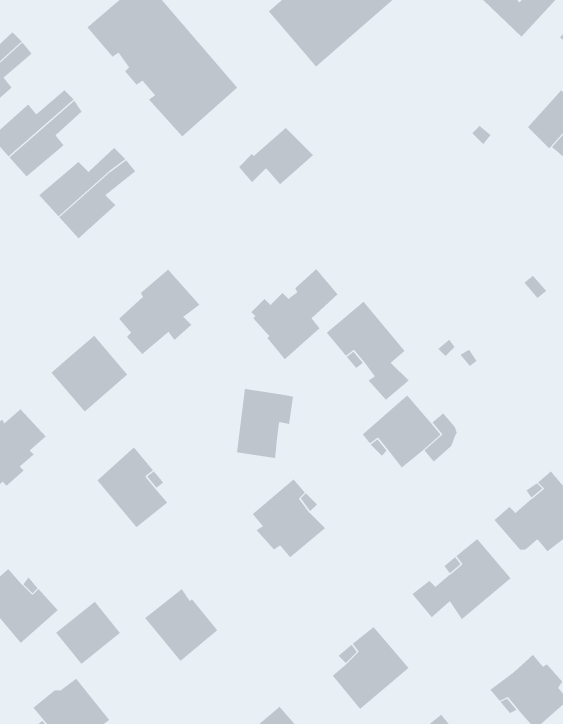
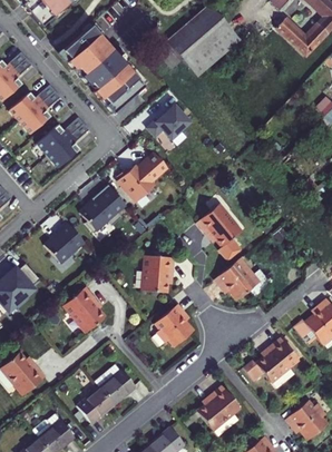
building: [251,268,338,360] -> [116,151,165,203]
building: [55,601,121,665] -> [77,386,114,422]

